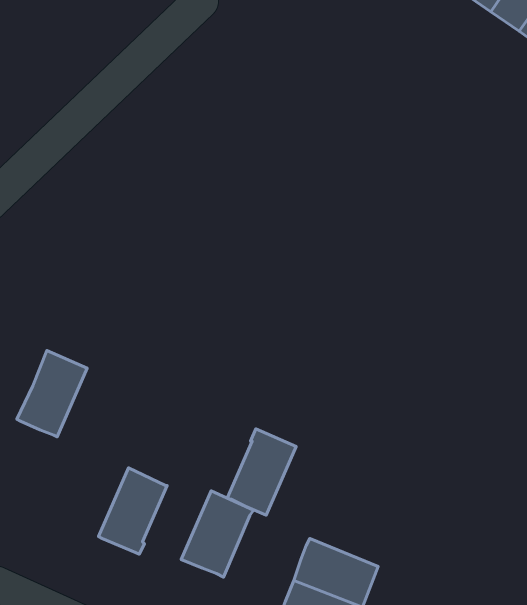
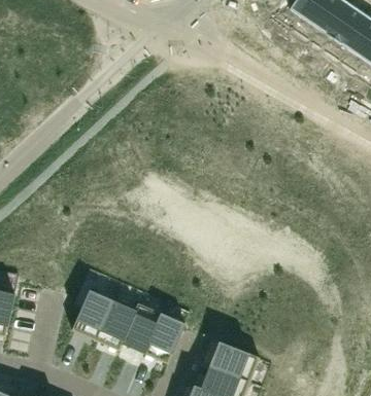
building: [17,351,87,437] -> [71,289,112,339]
building: [228,429,296,515] -> [121,302,161,353]

